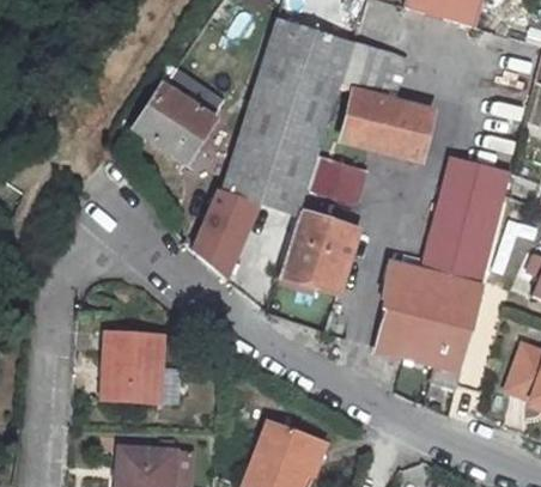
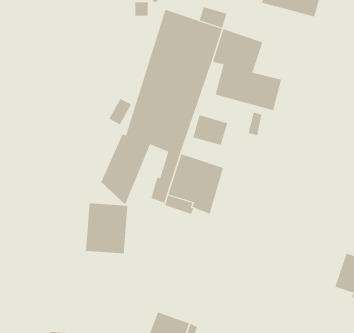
building: [134,86,215,163] -> none
building: [372,159,509,386] -> none
building: [105,333,163,401] -> [85,203,128,254]

